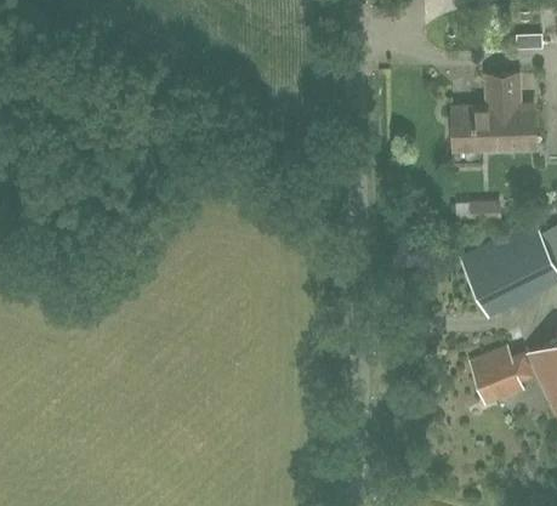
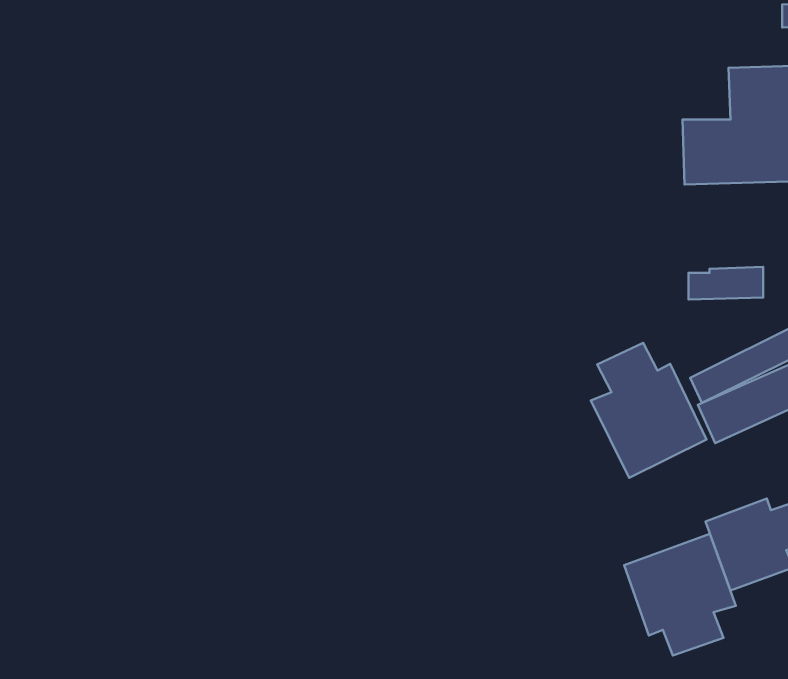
building: none -> [591,343,707,478]
building: none -> [624,534,736,656]

